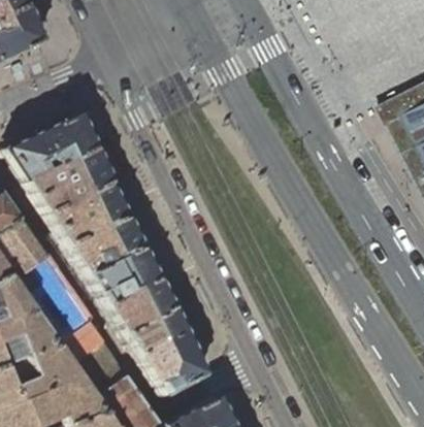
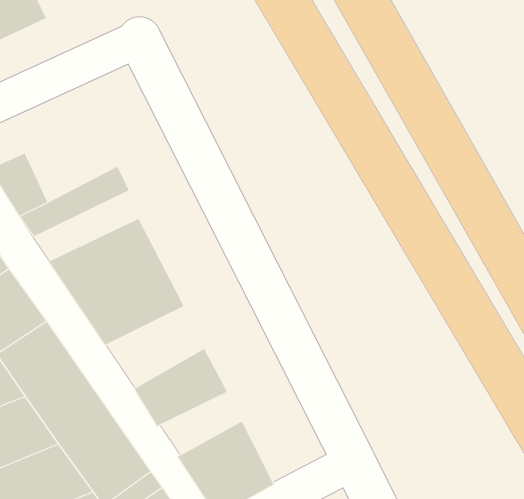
building: [29,113,95,173] -> none
building: [35,165,112,216] -> none
building: [86,248,157,306] -> none
building: [123,308,184,355] -> none

